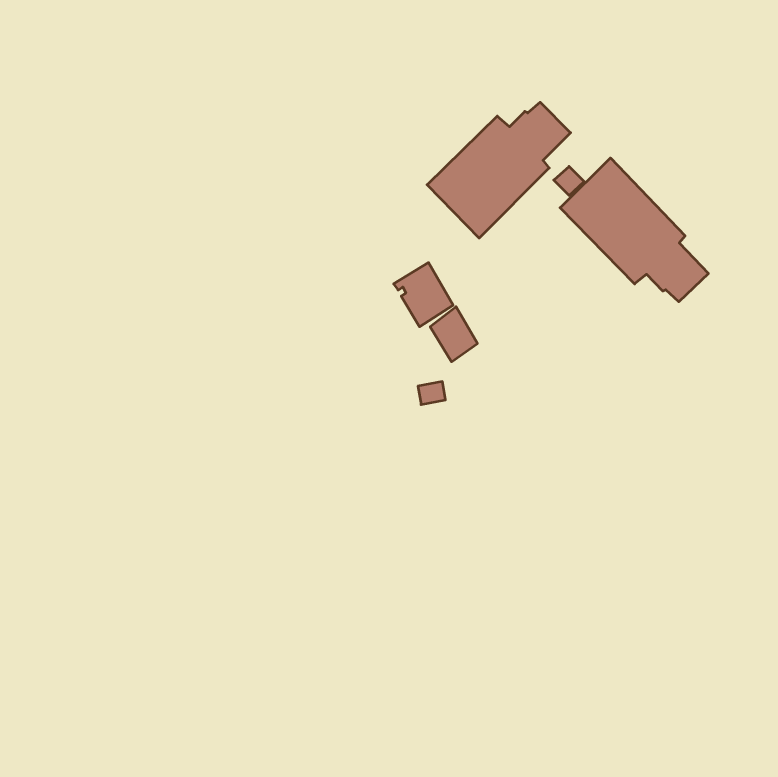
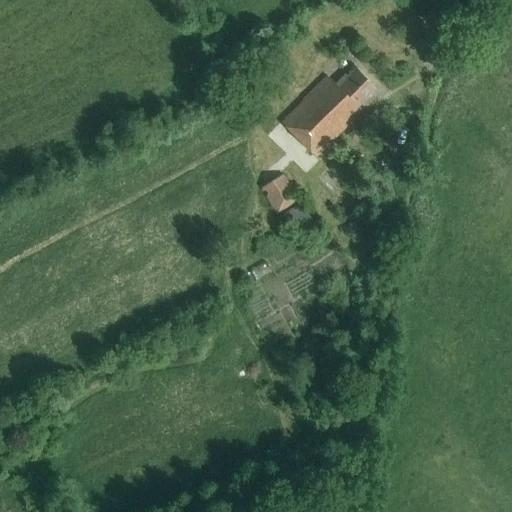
building: [560,158,708,302] -> none

